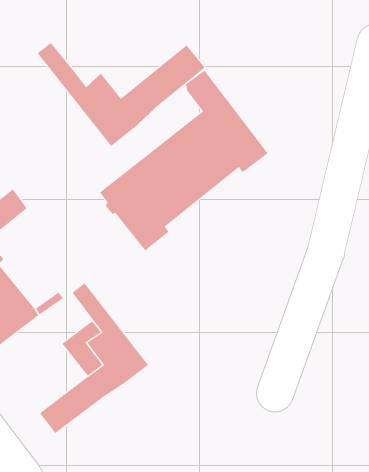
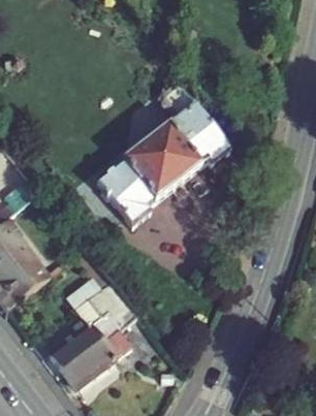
building: [37,42,205,147] -> none
building: none -> [61,330,130,390]

